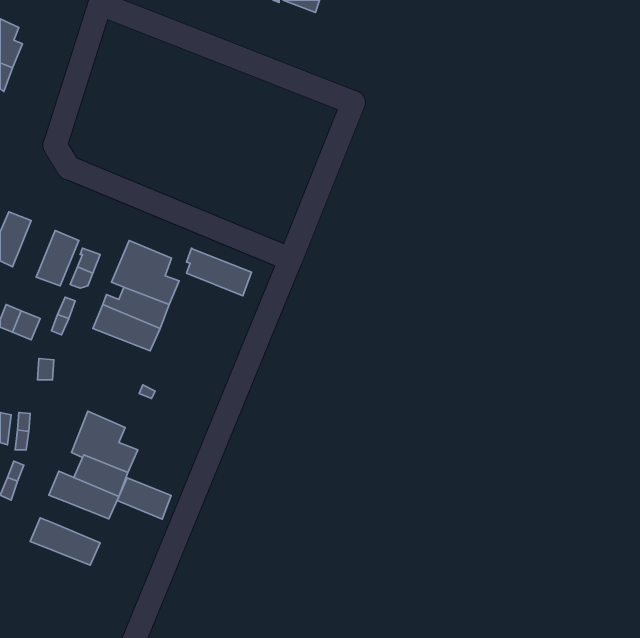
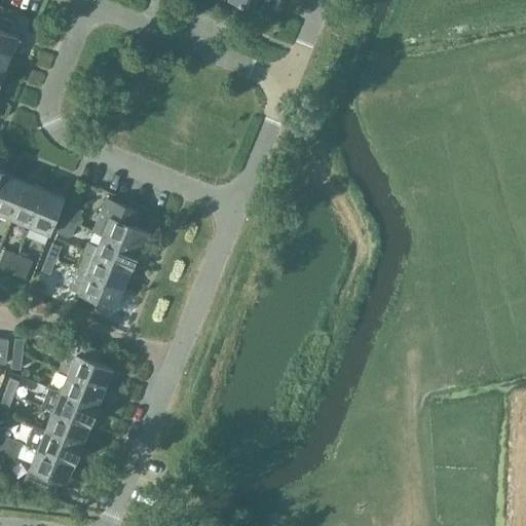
building: none -> [10,183,45,229]
building: [186,248,252,296] -> [70,270,123,309]
building: [117,478,171,519] -> [45,413,89,447]
building: none -> [24,451,74,496]

